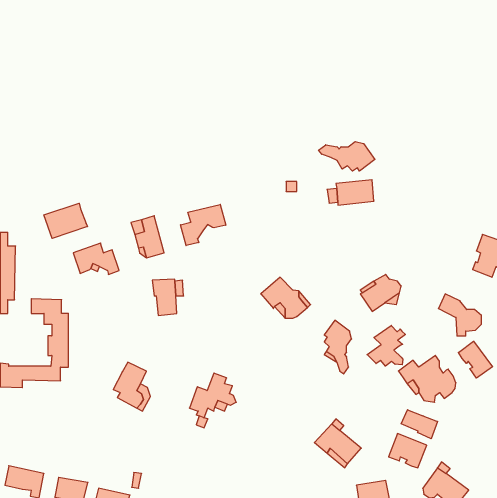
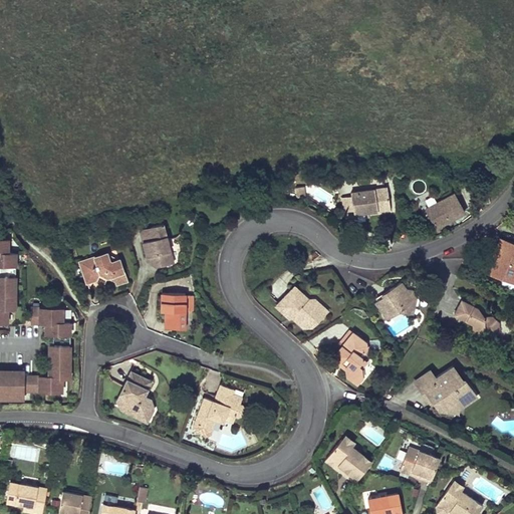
building: [319,142,375,171] -> none
building: none -> [418,202,457,233]
building: [44,203,87,238] -> none
building: [181,204,226,246] -> none
building: [367,325,405,366] -> none
building: [458,341,493,378] -> none
building: [401,410,438,439] -> none

